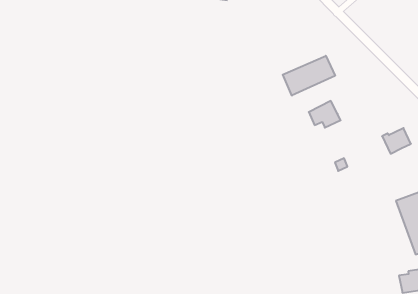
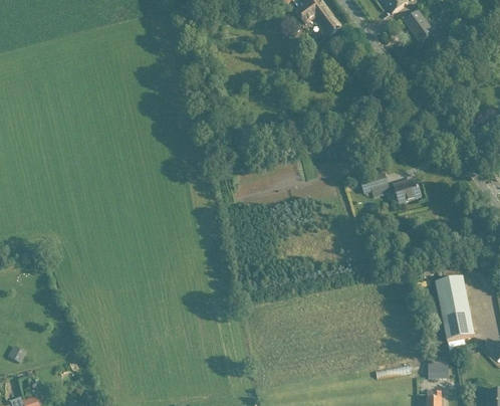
building: [283,56,335,96] -> none
building: [382,128,411,154] -> [393,179,421,203]

